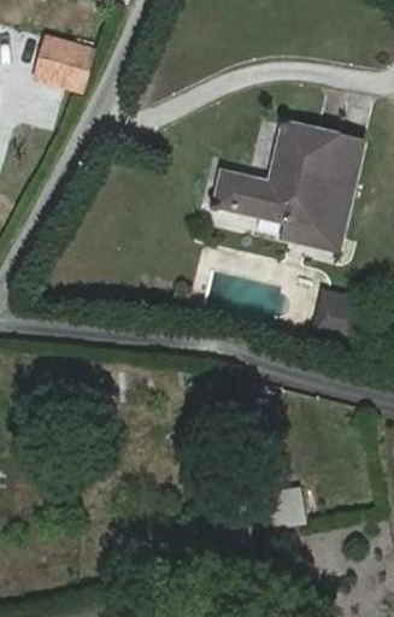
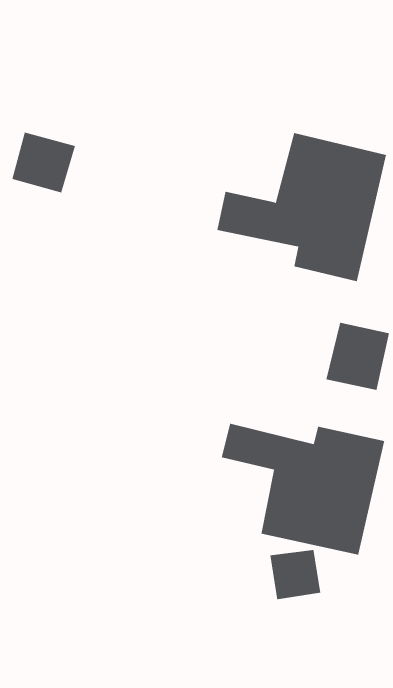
building: [39,36,94,89] -> [12,132,76,193]
building: none -> [221,423,385,556]

